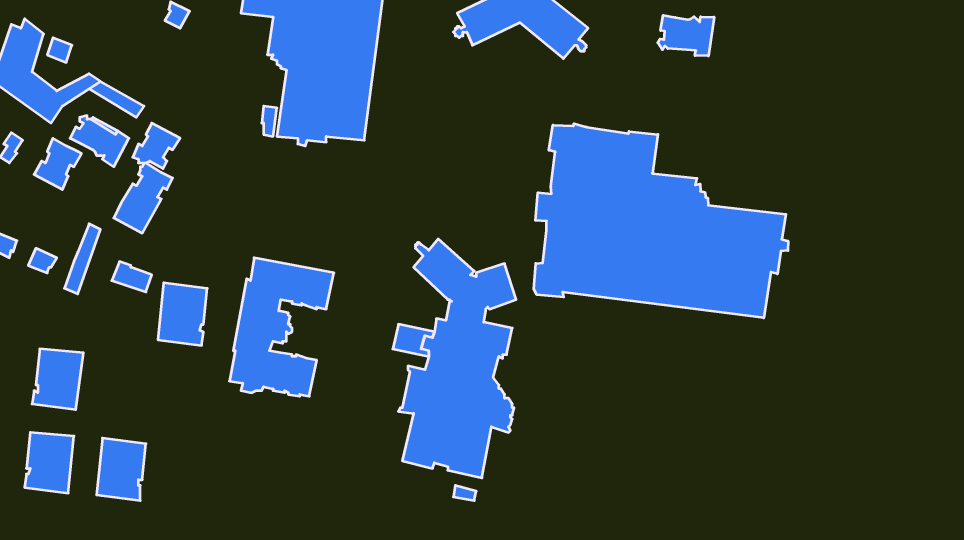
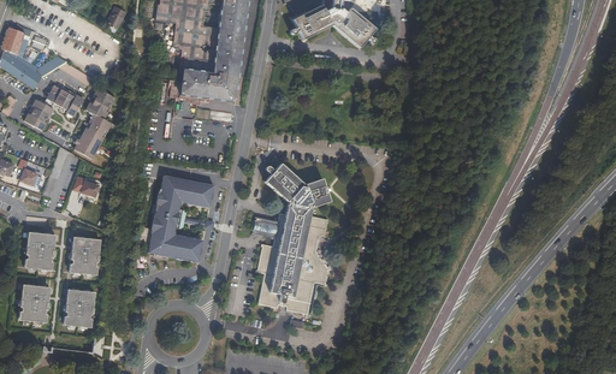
building: [658,15,714,56] -> none
building: [534,124,788,318] -> none
building: [158,283,207,345] -> [69,236,100,275]

